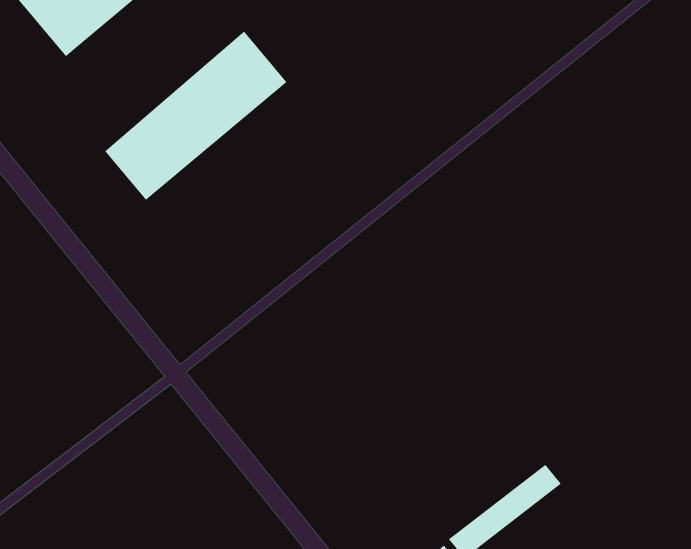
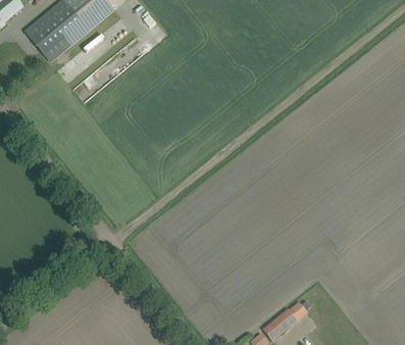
building: [104,31,287,201] -> none

